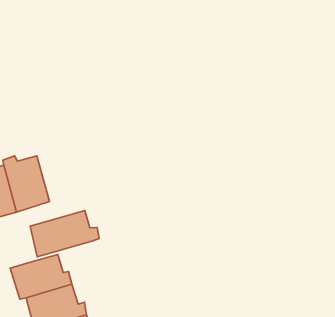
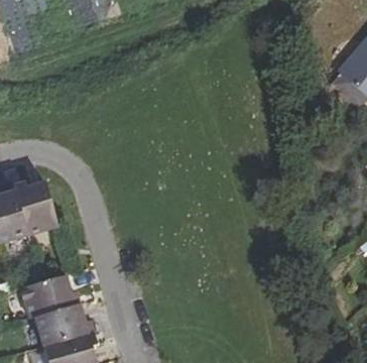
building: [30,211,99,257] -> none

